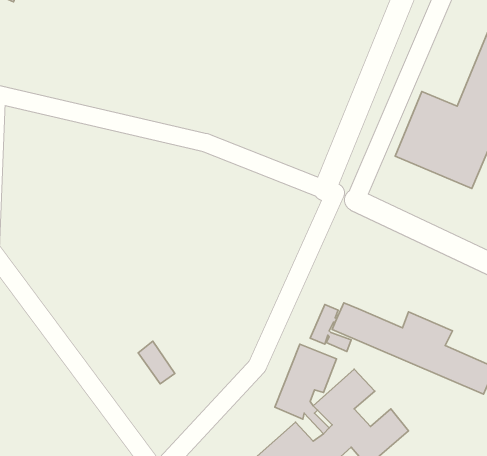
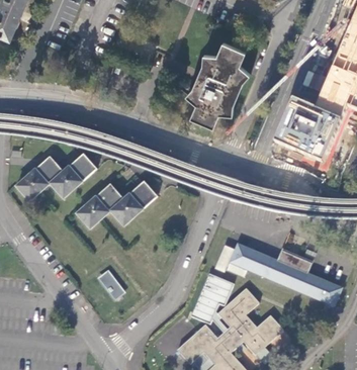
building: none -> [187,40,250,125]
building: none -> [15,154,96,201]
building: none -> [75,181,158,228]

